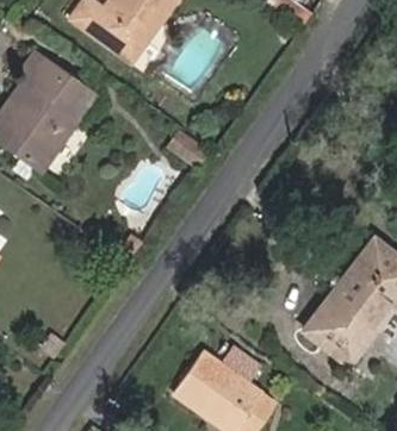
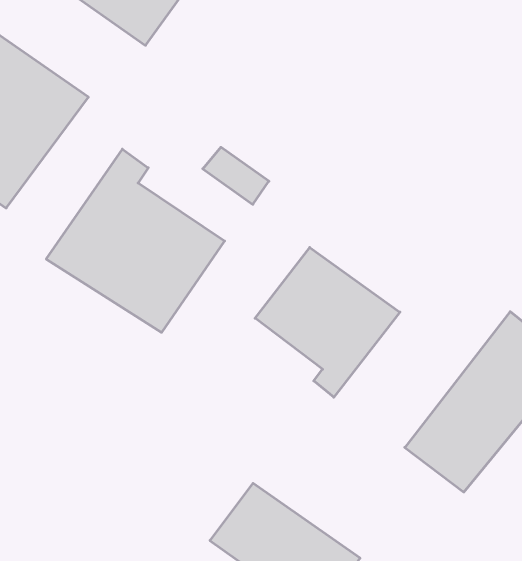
building: none -> [46,149,225,332]
building: none -> [255,247,400,397]

